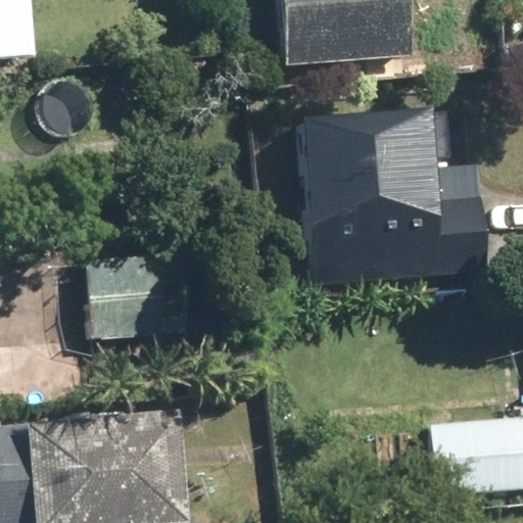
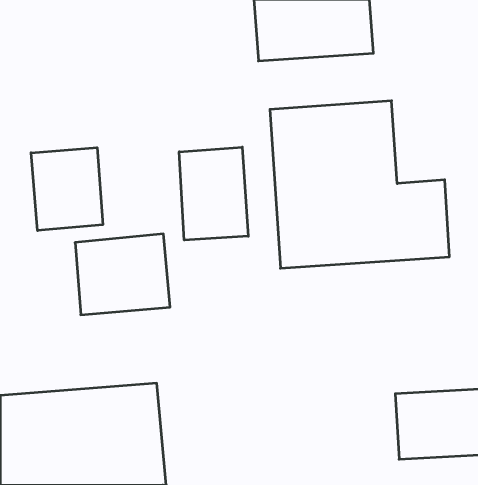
building: none -> [179,147,248,240]
building: none -> [31,148,103,231]

